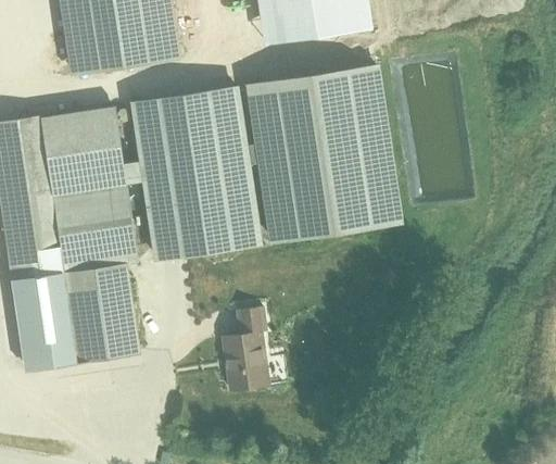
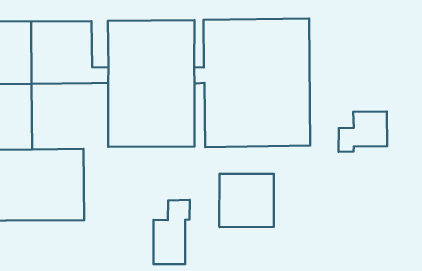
building: none -> [339,111,387,152]
building: [52,183,137,273] -> none
building: none -> [219,174,274,227]

